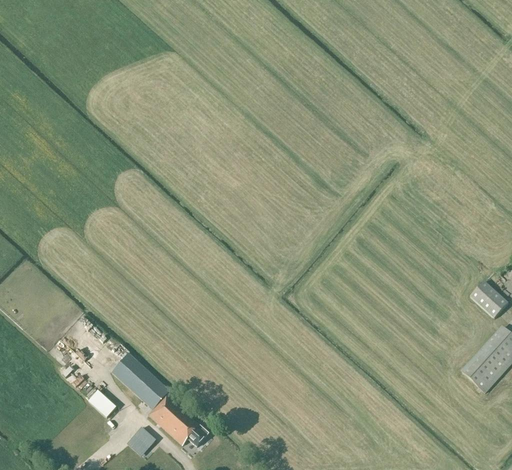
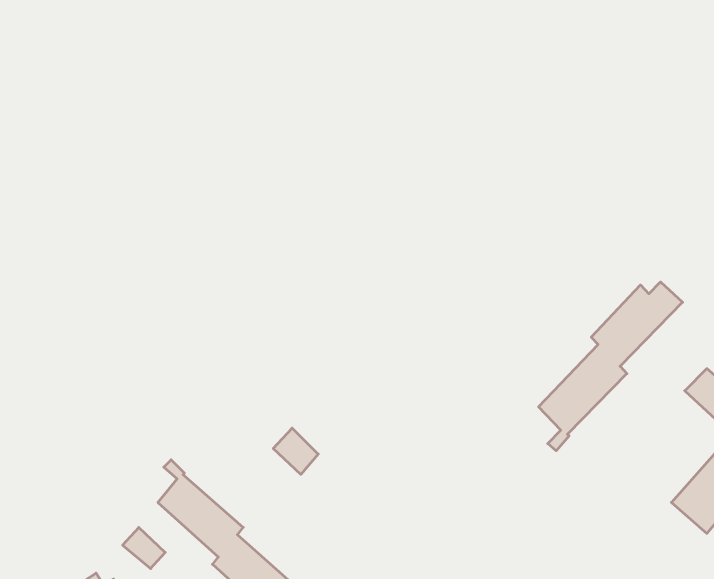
building: none -> [539,282,683,451]
building: none -> [273,428,318,474]

